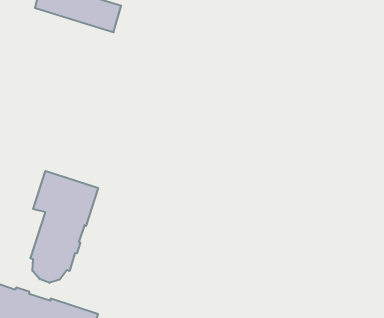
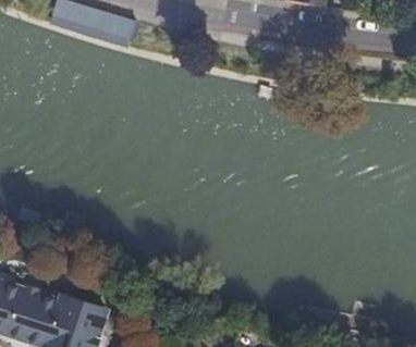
building: [30,171,98,283] -> none

